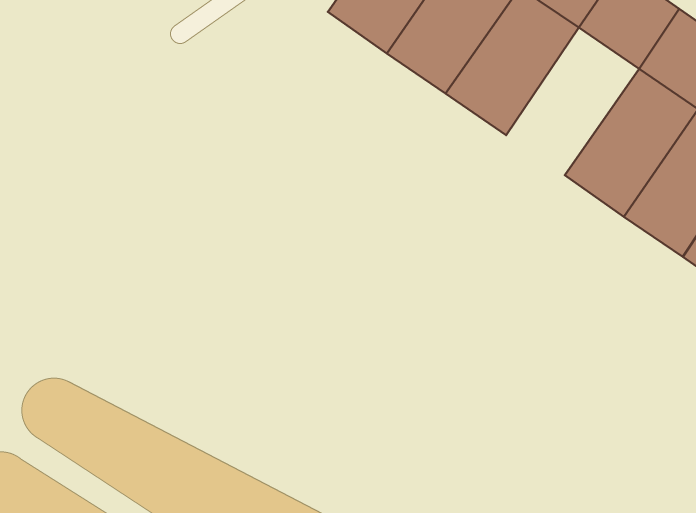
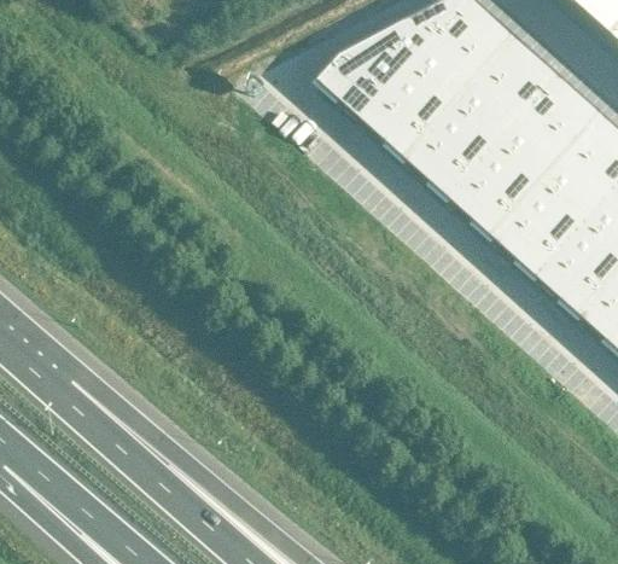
building: none -> [449,115,564,233]

